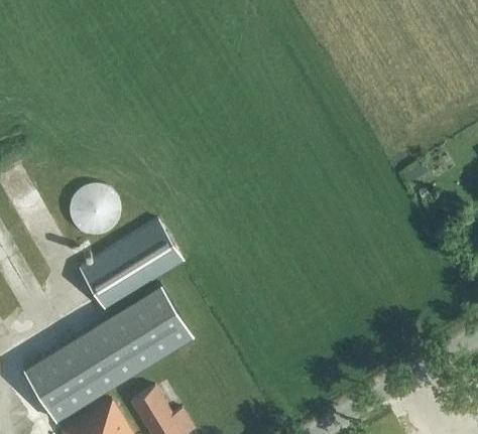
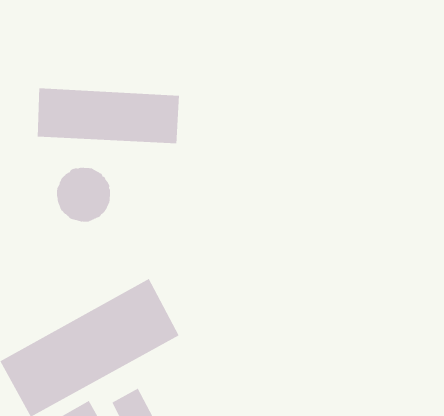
building: none -> [37,88,180,144]
building: [81,221,184,309] -> none

